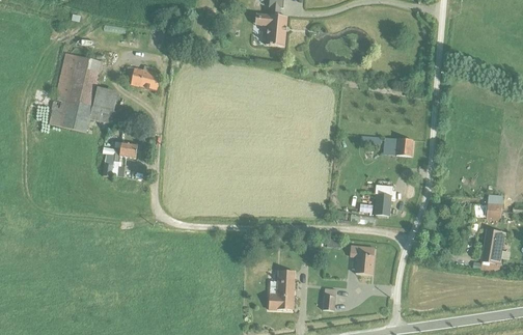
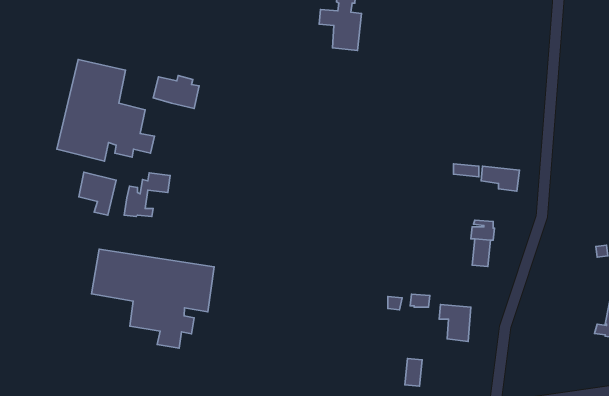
building: none -> [79,172,116,215]
building: none -> [91,249,214,348]
building: [268,270,293,309] -> none

